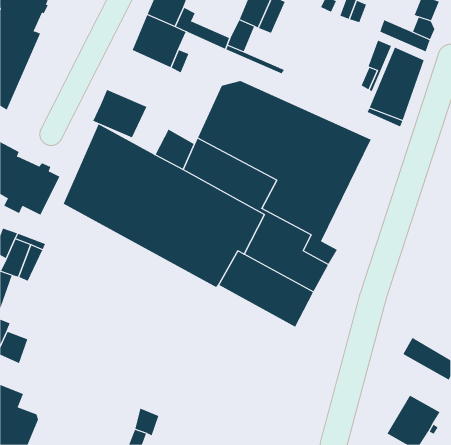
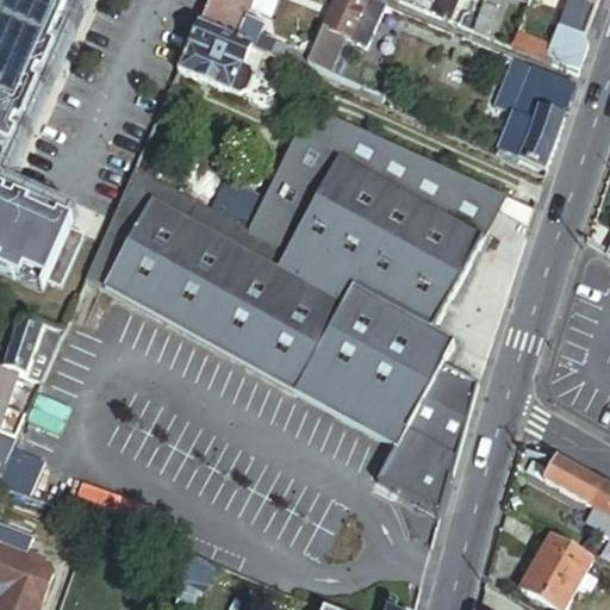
building: [93,89,147,138] -> none
building: none -> [379,357,479,511]

